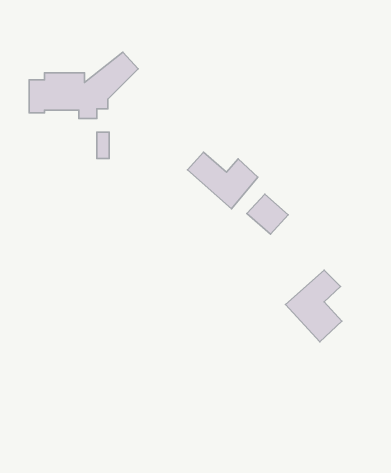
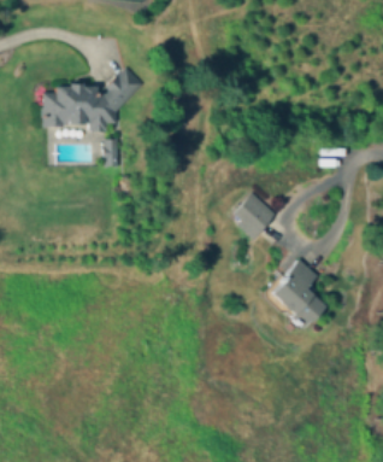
building: [188,152,258,209] -> none

